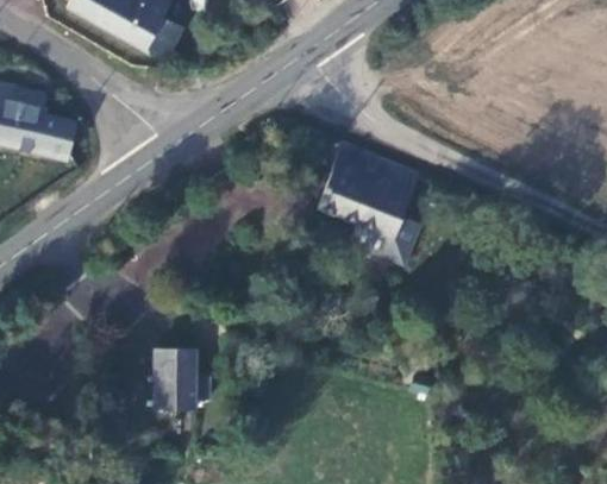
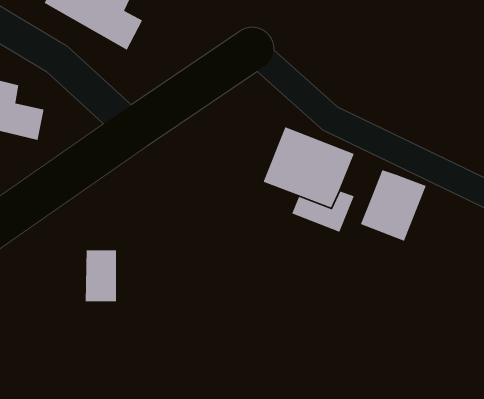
building: none -> [360,169,427,242]
building: [154,348,189,408] -> [85,249,117,302]

